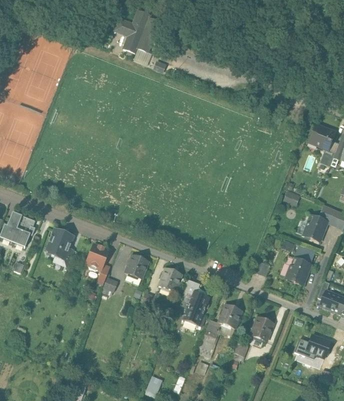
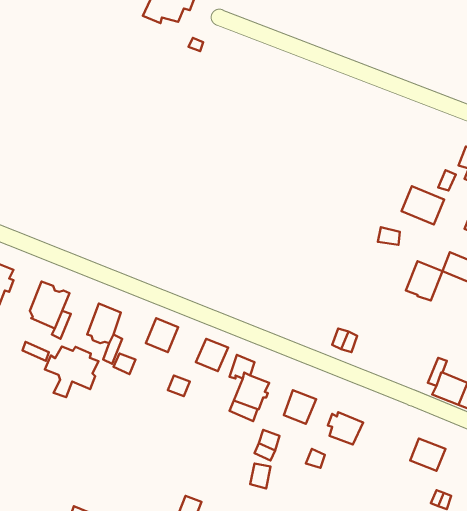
building: [308,124,337,150] -> [401,186,444,224]
building: [285,257,310,284] -> none
building: none -> [45,347,98,397]

